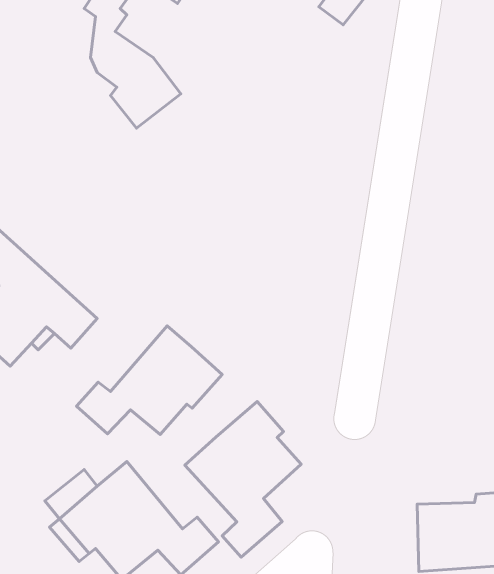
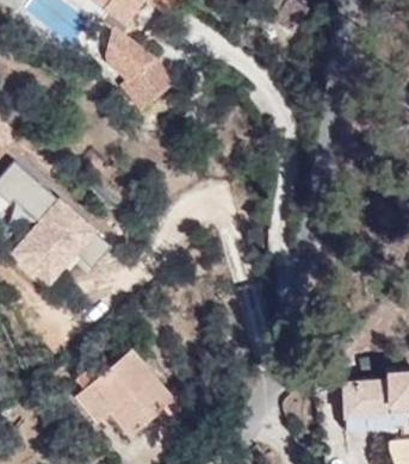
building: [77,326,222,435] -> none
building: [185,401,301,557] -> none

